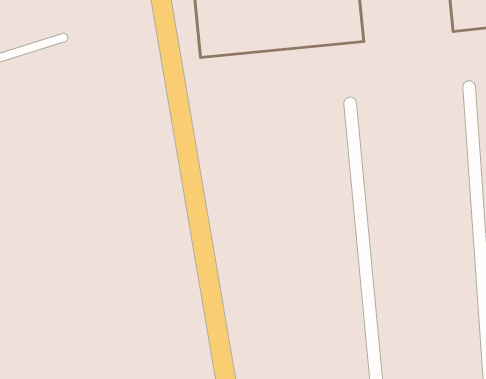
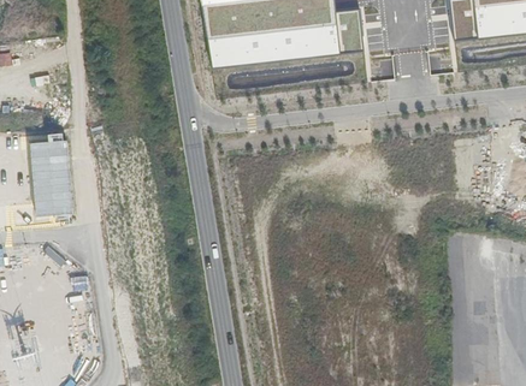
building: none -> [30,142,73,216]

